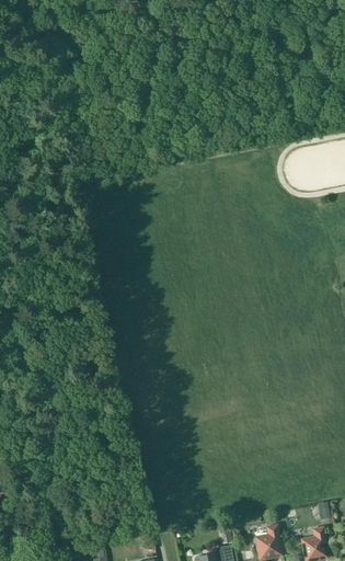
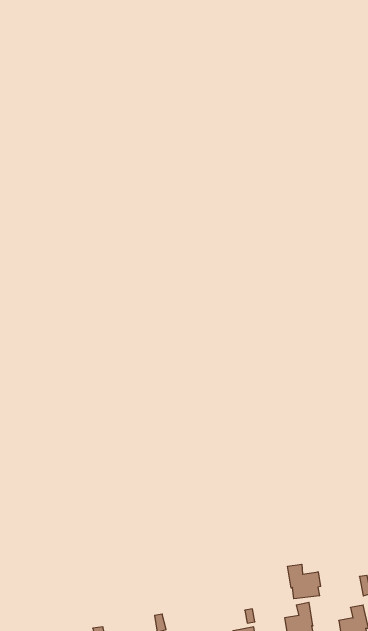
building: none -> [288,564,321,599]

